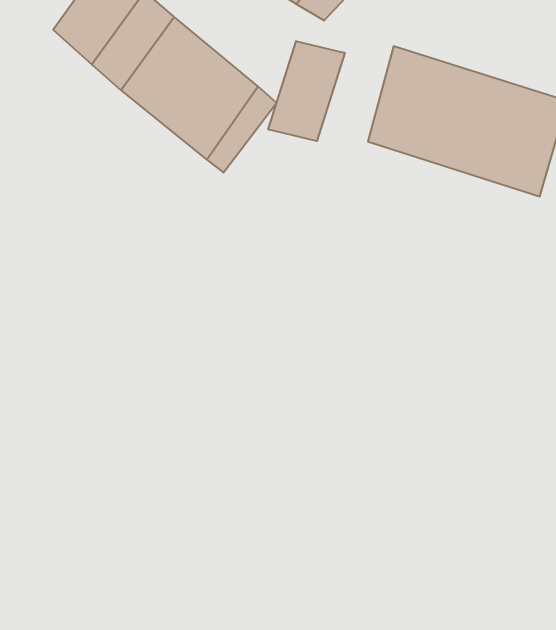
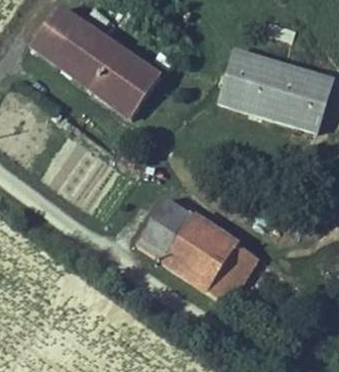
building: [268,41,345,141] -> none
building: none -> [132,197,259,301]

